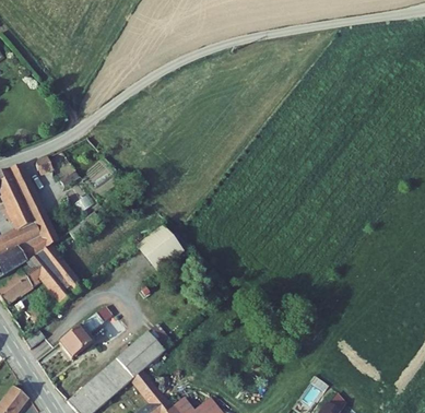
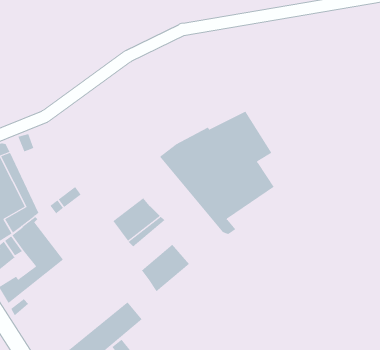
building: none -> [159,111,275,235]
building: none -> [141,244,190,292]
building: [59,312,111,362] -> none

